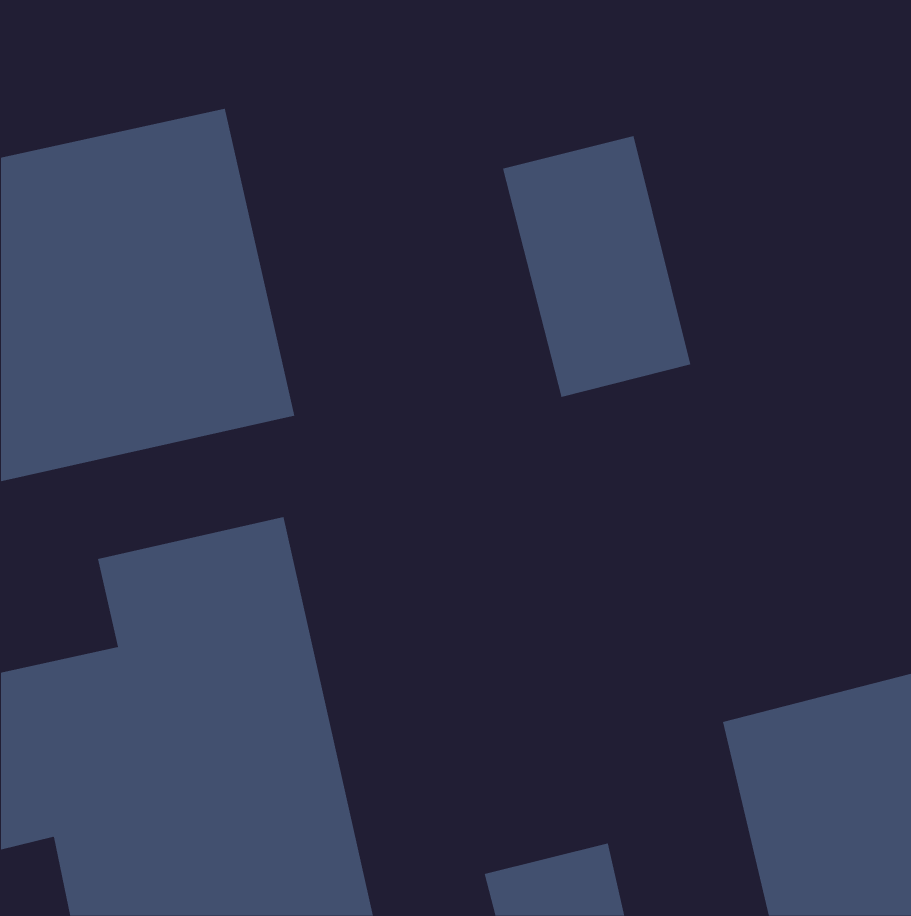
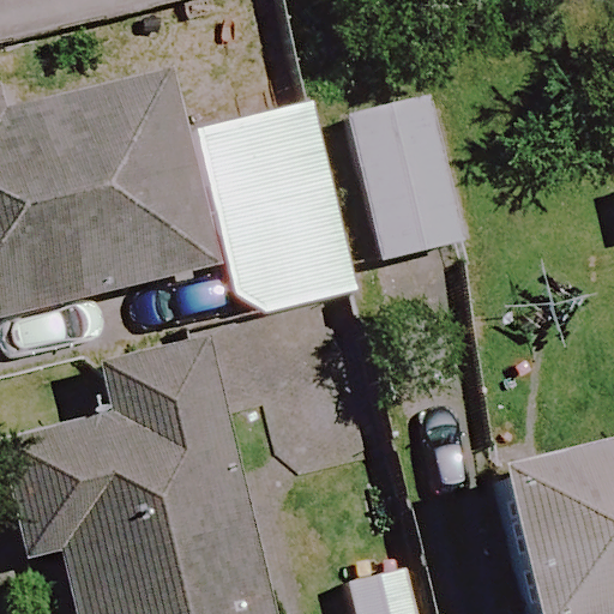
building: none -> [195,98,360,323]

